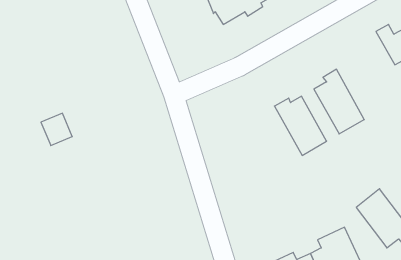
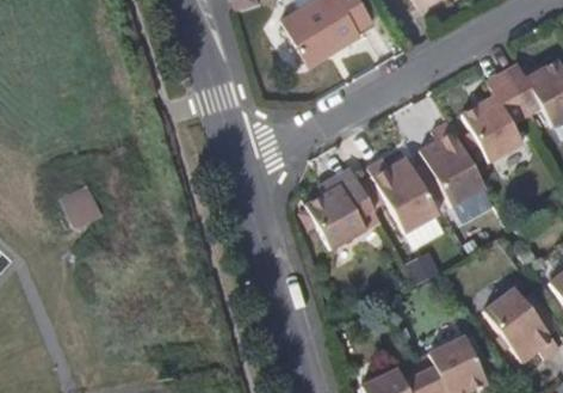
building: none -> [464,74,531,165]
building: none -> [310,171,382,258]

